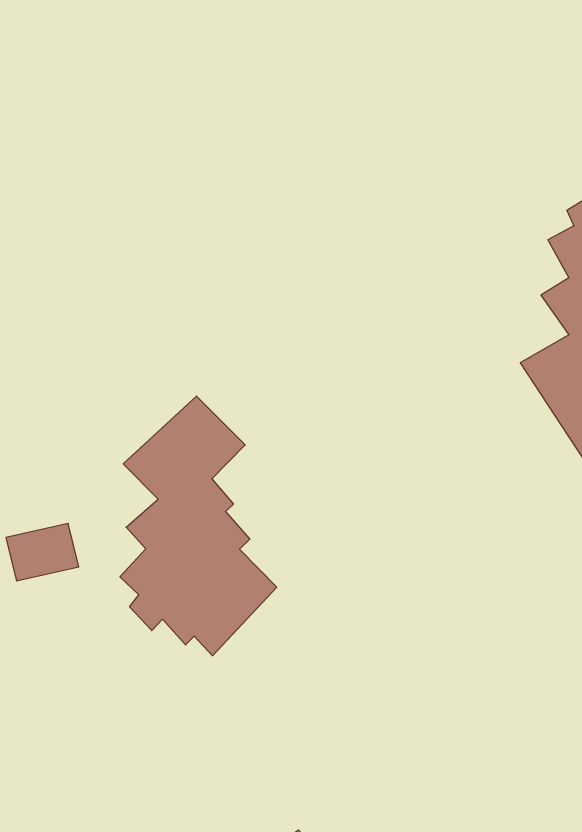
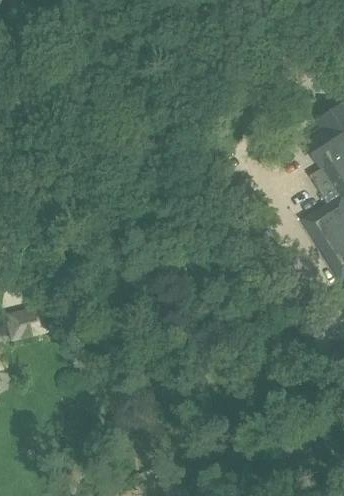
building: [120,396,277,656] -> none

